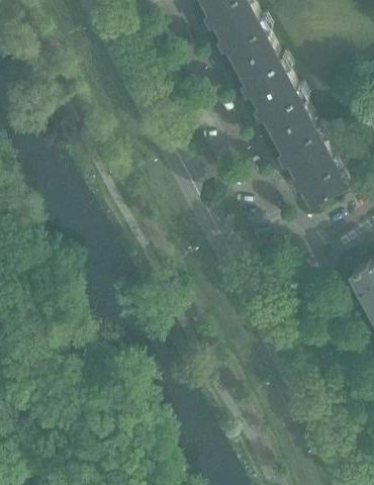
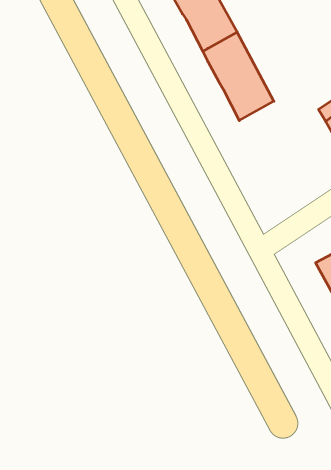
building: [274,117,346,206] -> none

